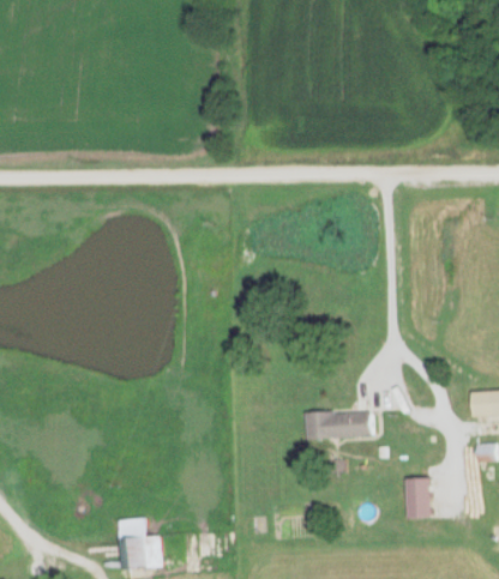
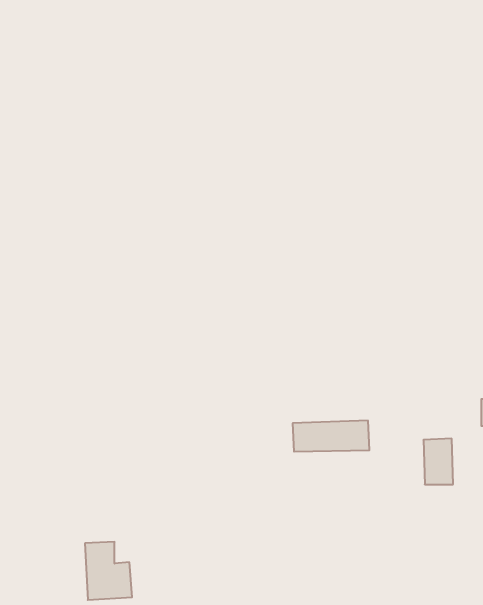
building: [405,477,432,518] -> [423,439,453,484]

